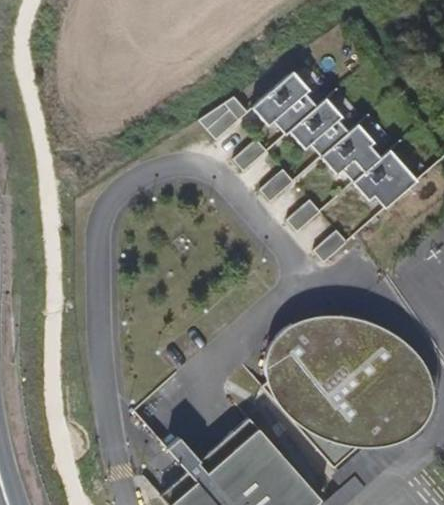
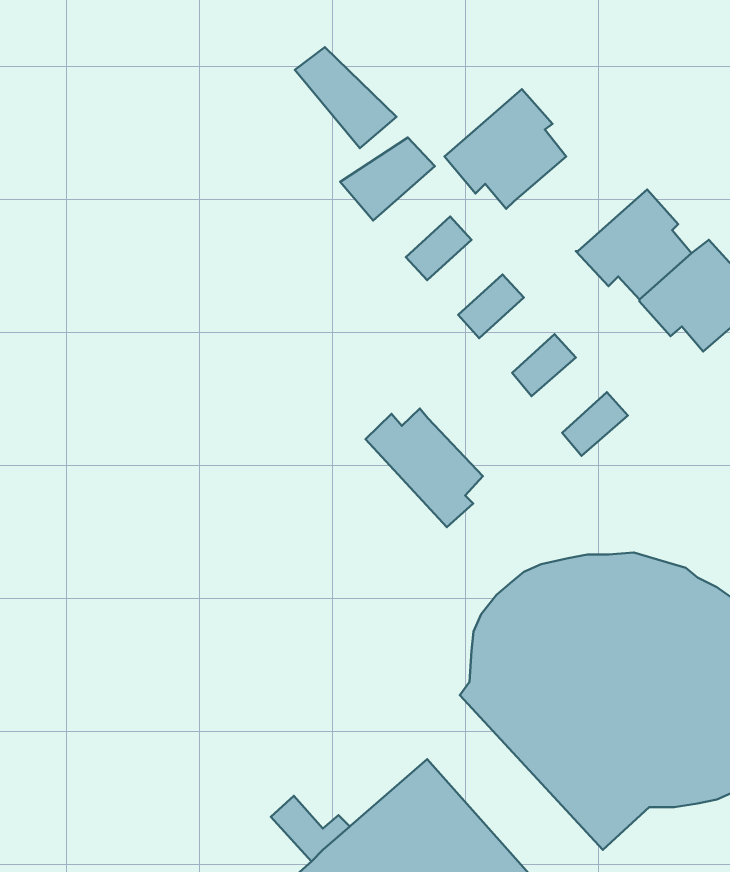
building: none -> [295,47,397,148]
building: [289,100,349,157] -> none
building: none -> [366,408,483,527]

